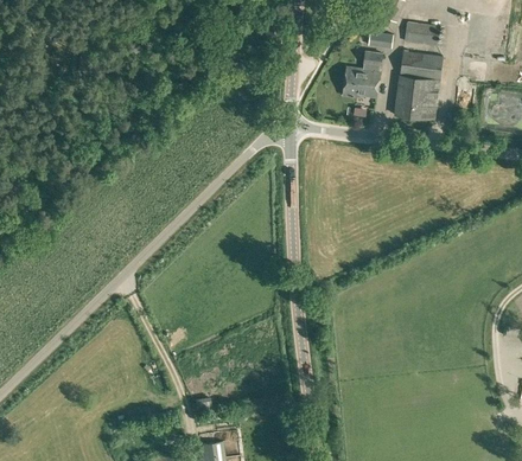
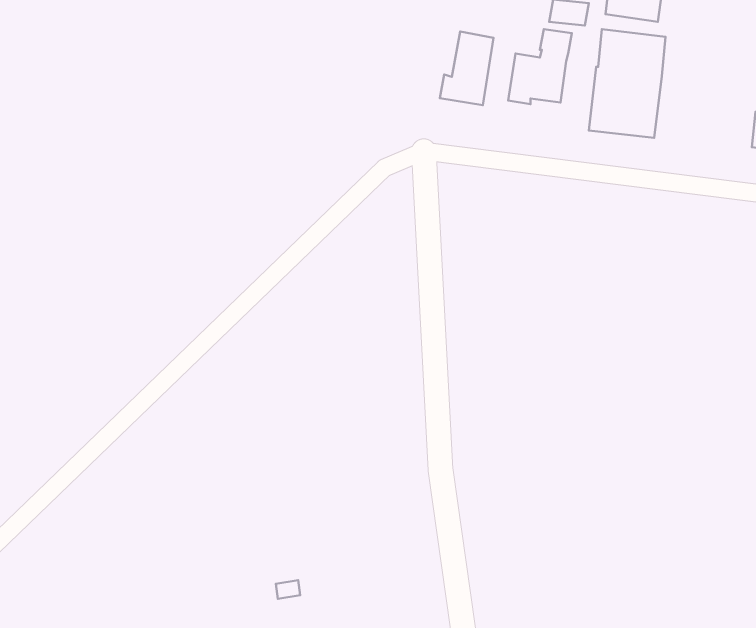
building: none -> [440,32,493,105]

